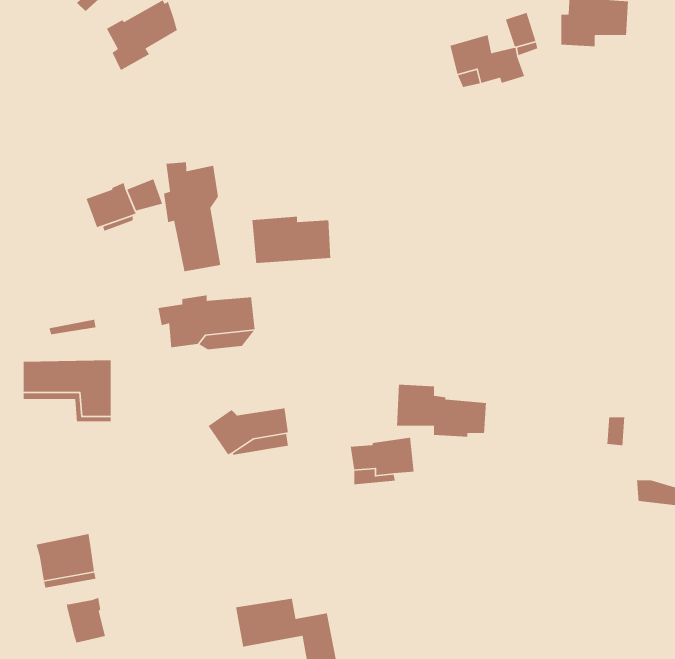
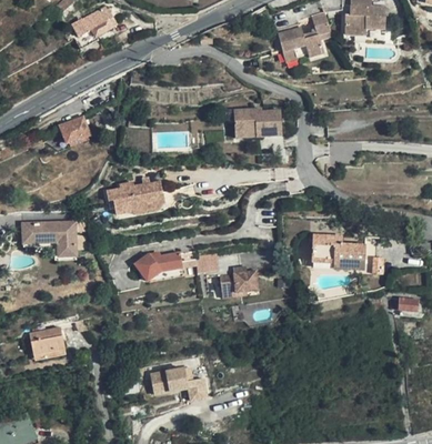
building: [163,161,221,272] -> none
building: [252,216,331,264] -> [233,108,281,137]
building: [396,384,487,438] -> [311,234,365,266]
building: [66,597,106,643] -> none

